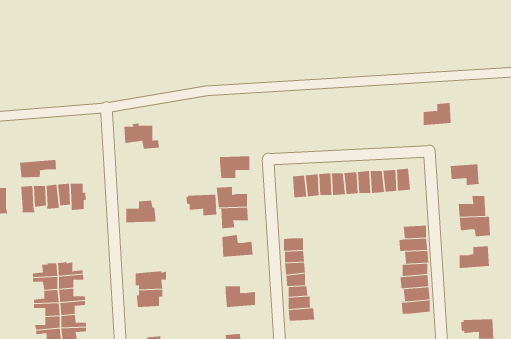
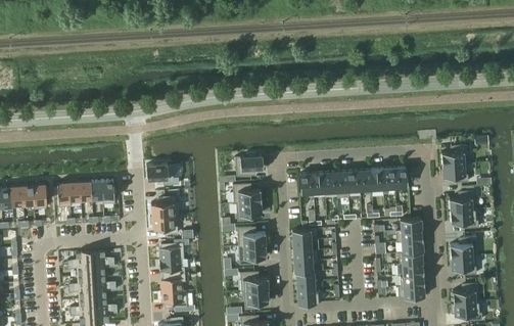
building: [423,103,451,125] -> [441,145,467,166]
building: [123,123,160,149] -> [146,162,179,186]
building: [19,159,57,178] -> none
building: [185,194,217,216] -> [149,216,178,235]
building: none -> [158,239,189,262]
building: none -> [238,245,267,266]
building: none -> [450,255,477,275]
building: none -> [453,284,478,304]
building: none -> [241,290,269,310]
building: none -> [161,291,187,313]

